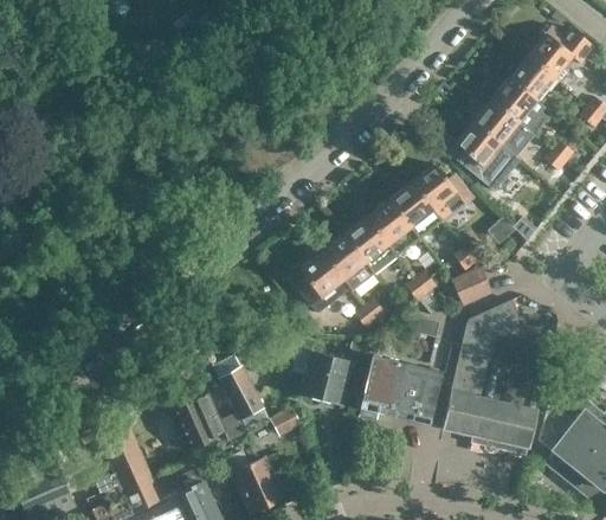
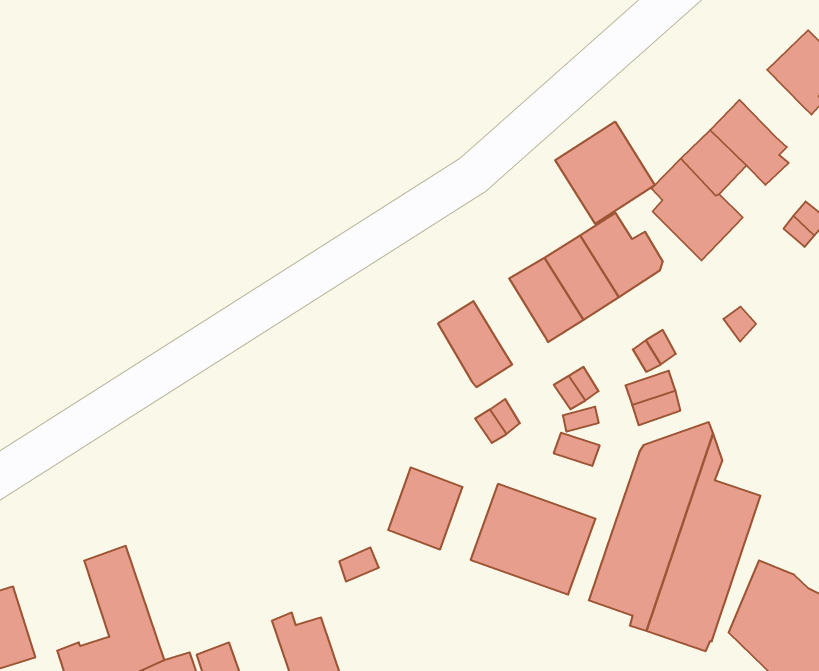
building: [510,56,554,101] -> none
building: none -> [555,122,655,224]
building: [344,216,395,263] -> none
building: [296,251,349,308] -> none
building: [213,353,270,430] -> none
building: [170,393,243,450] -> none

